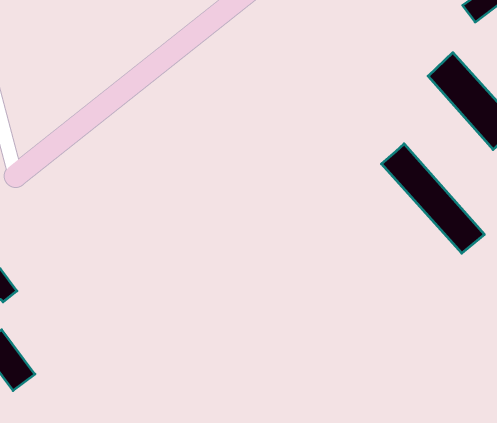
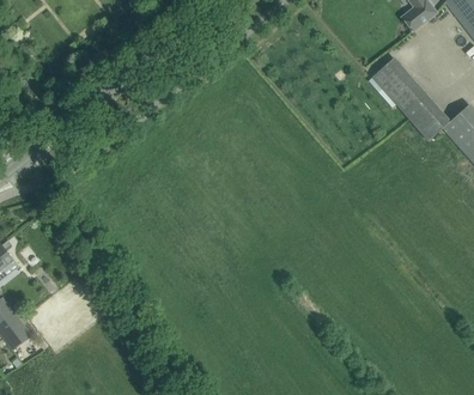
building: [381,144,484,253] -> none

